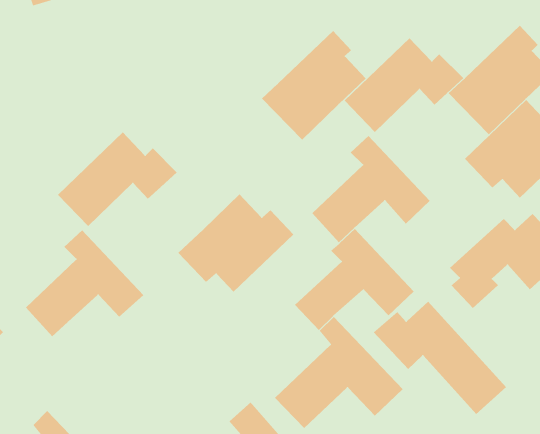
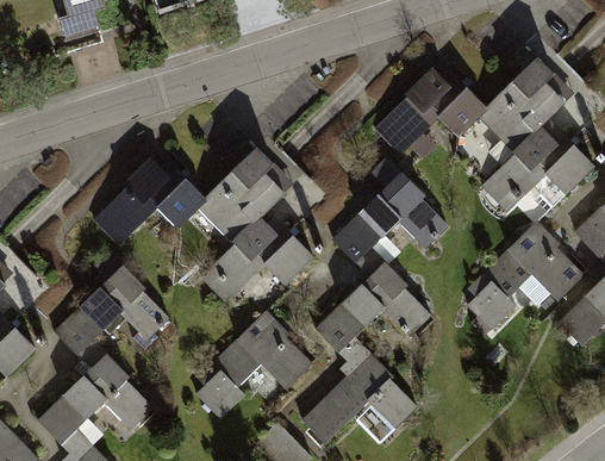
building: [261,30,367,141] -> [189,148,291,254]
building: [373,301,507,415] -> none
building: none -> [191,328,307,420]
building: none -> [42,343,157,442]

